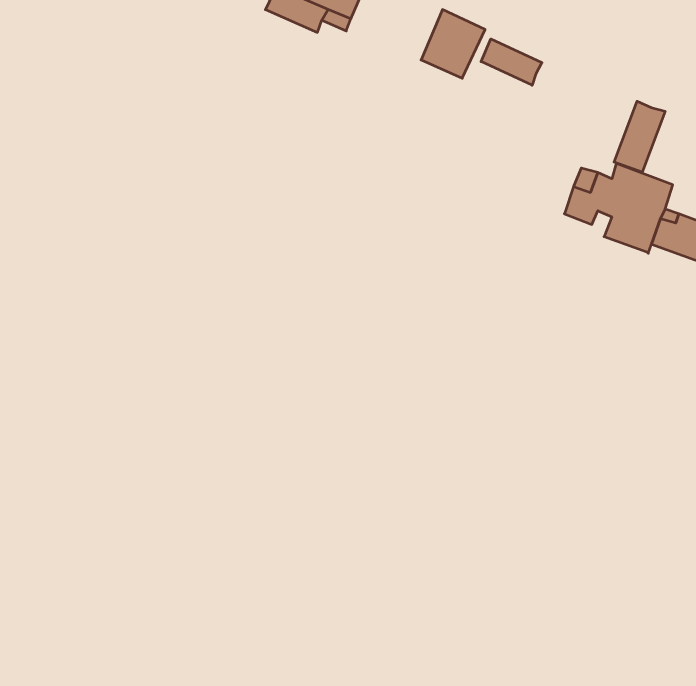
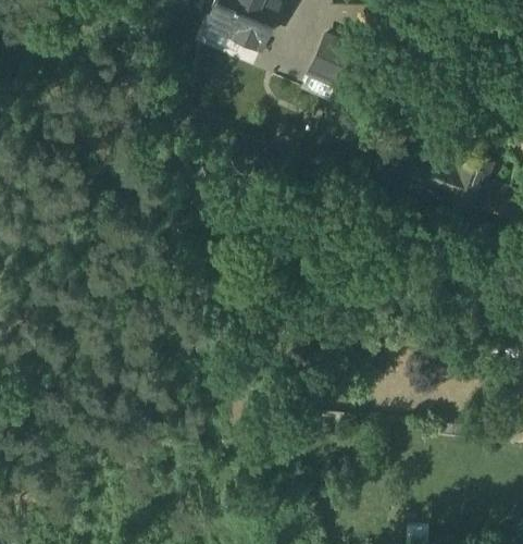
building: [481,39,542,85] -> none
building: [614,101,665,172] -> none

